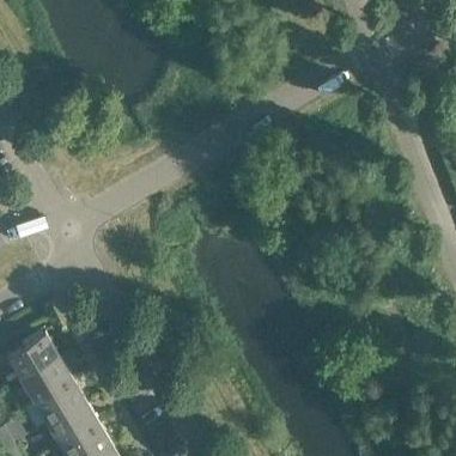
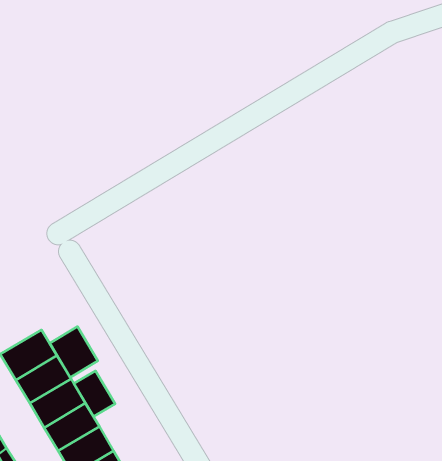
building: none -> [50,327,98,377]
building: none -> [74,371,115,417]

